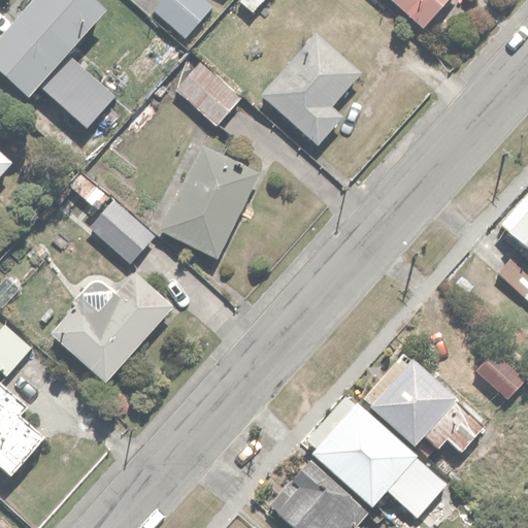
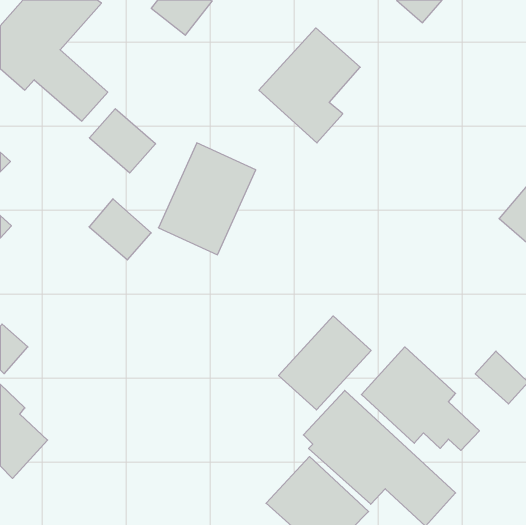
building: [176,64,242,128] -> [89,109,156,173]
building: [51,268,173,382] -> none
building: none -> [279,316,371,410]

